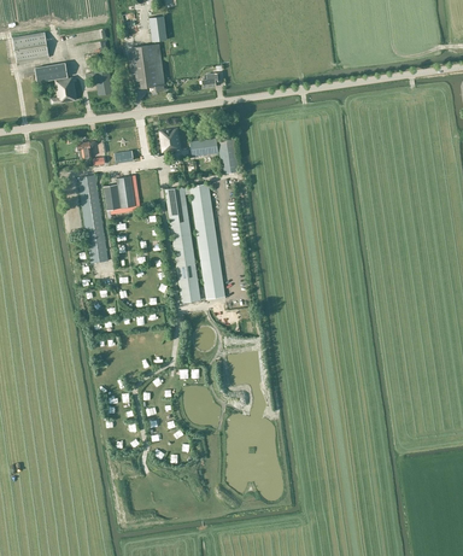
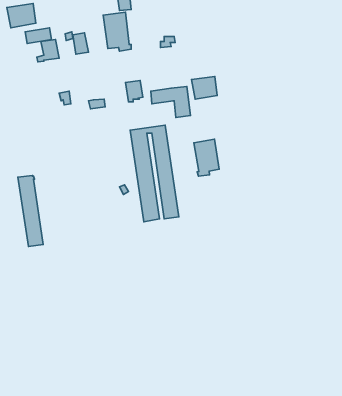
building: none -> [191,76,217,99]
building: [77,175,109,263] -> [18,175,43,246]
building: [104,176,135,210] -> none
building: none -> [194,139,219,176]

